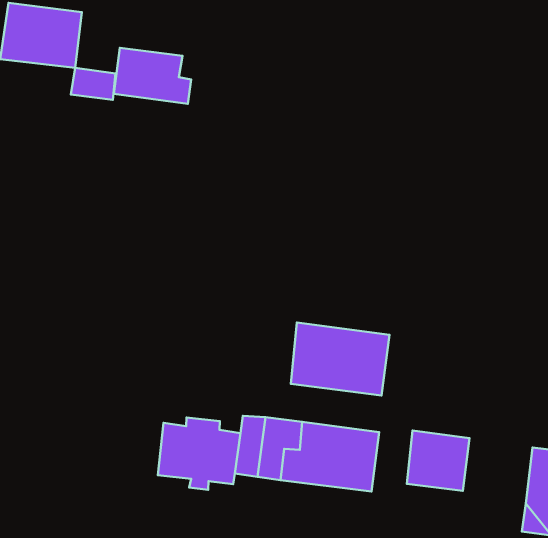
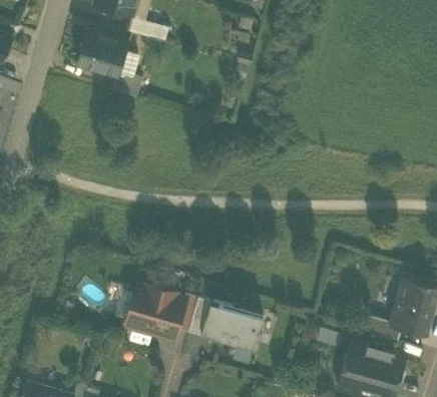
building: [114,48,191,104] -> none
building: [291,322,390,396] -> none
building: [407,431,470,491] -> none

